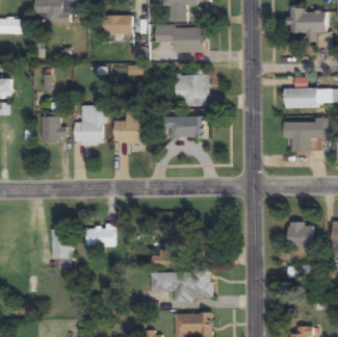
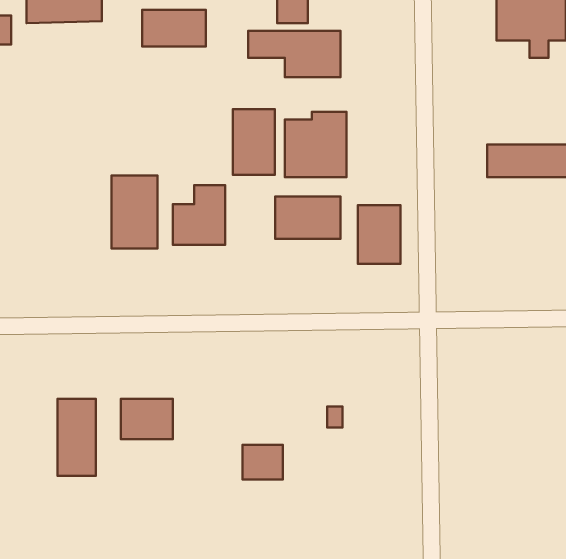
building: none -> [233,109,275,175]
building: [42,112,67,139] -> none
building: none -> [358,205,400,264]
building: [283,121,321,151] -> none
building: [287,222,312,247] -> none
building: [150,271,211,302] -> none

